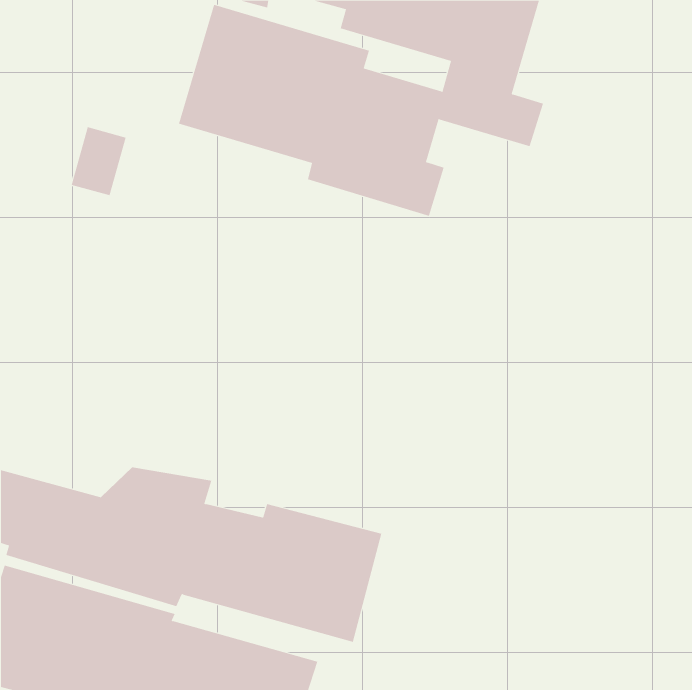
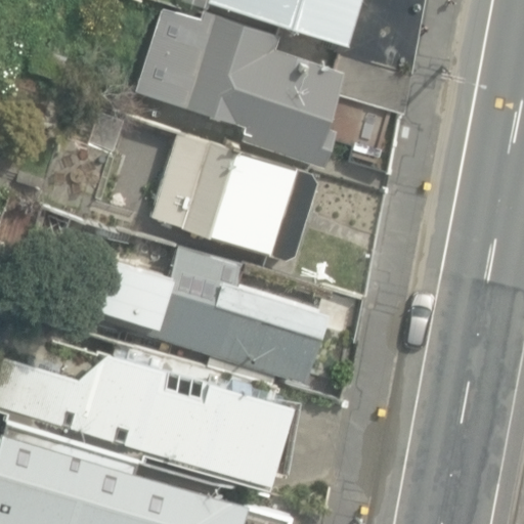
building: none -> [114,112,317,261]
building: none -> [106,223,330,383]

